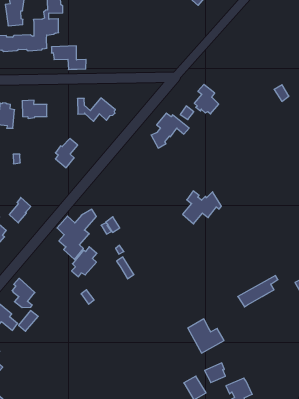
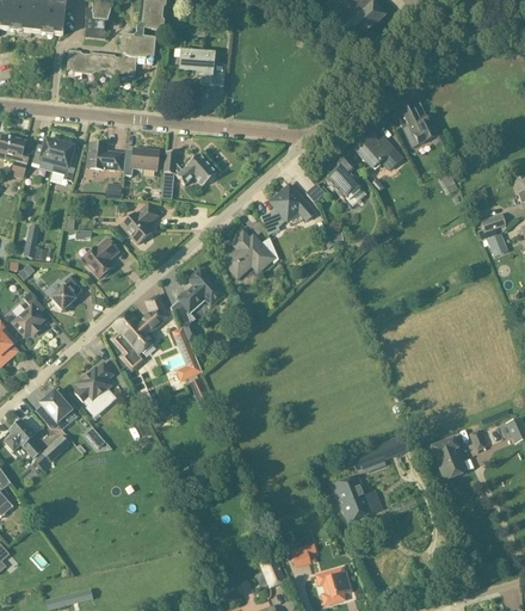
building: none -> [401,103,434,147]
building: [51,46,86,70] -> [179,48,226,85]
building: none -> [354,135,400,171]
building: none -> [123,147,158,174]
building: none -> [81,239,117,278]
building: none -> [178,269,222,310]
building: [183,191,221,224] -> [223,232,278,277]
building: [72,247,97,277] -> [75,363,113,402]
building: [188,319,224,353] -> [333,475,381,521]

